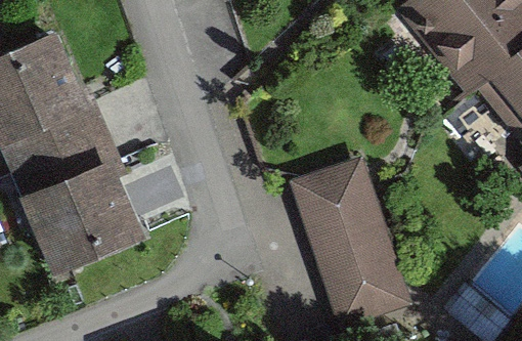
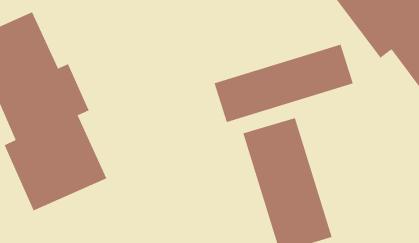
building: none -> [214,44,354,123]

